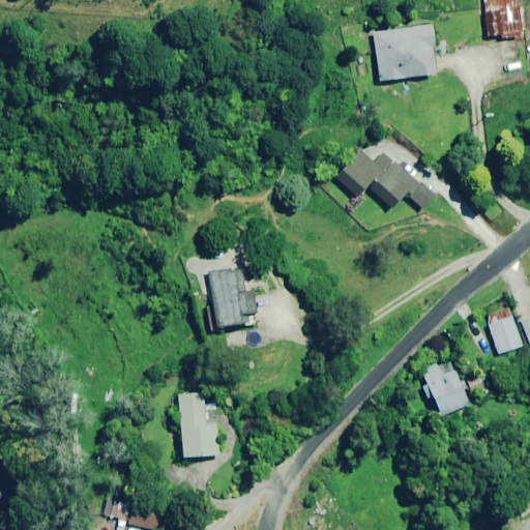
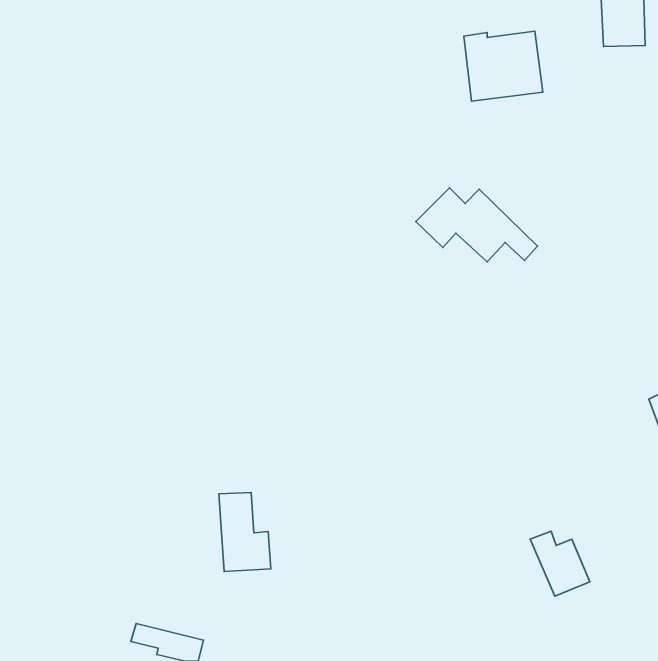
building: [208,267,258,328] -> none
building: [490,317,523,353] -> none
building: [422,363,470,415] -> [530,531,590,596]

